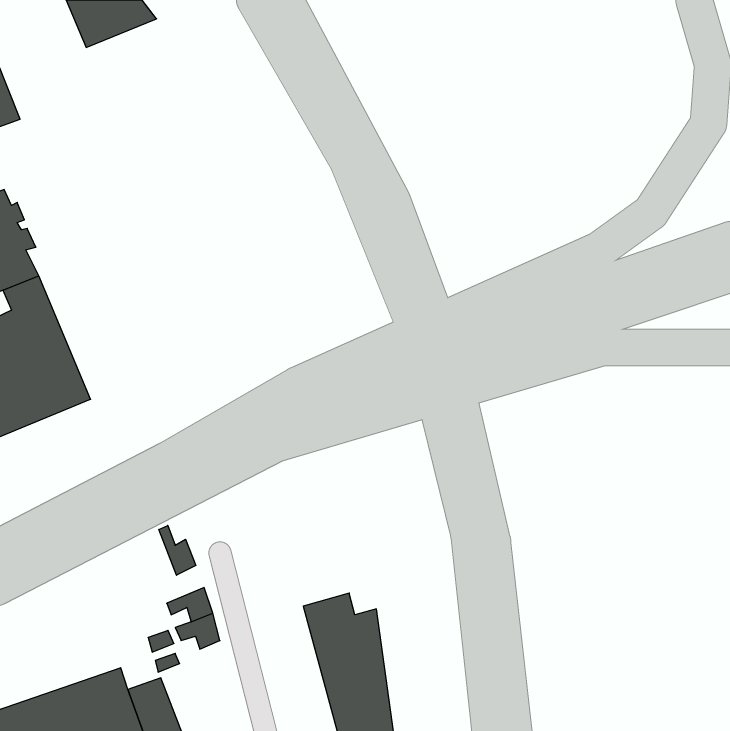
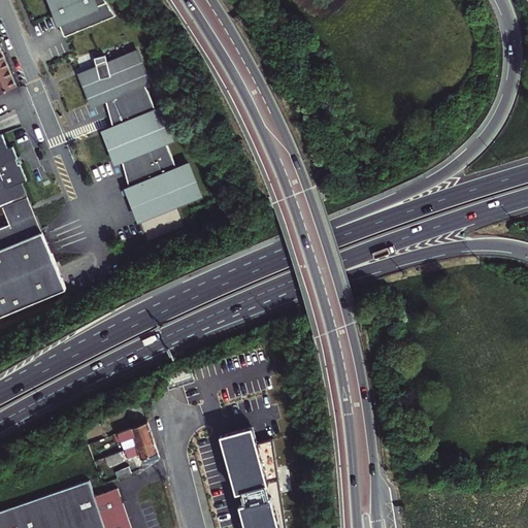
building: none -> [76,50,201,224]
building: [159,525,196,575] -> none

